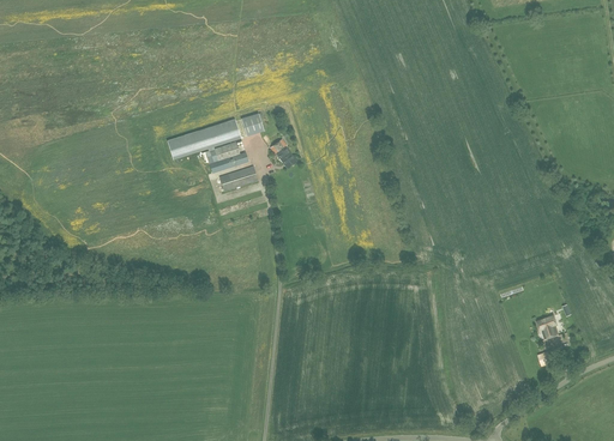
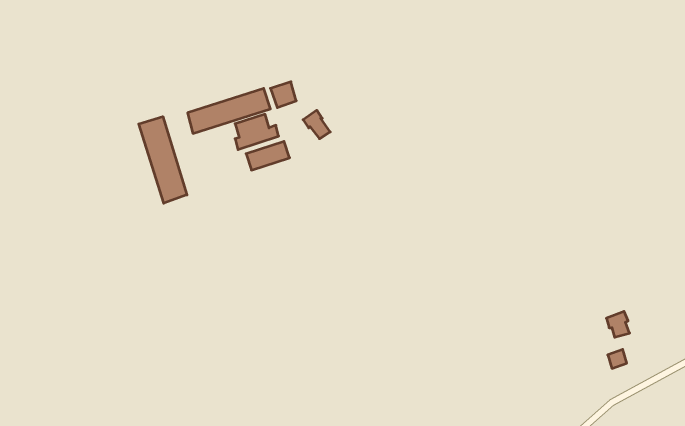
building: none -> [139,117,187,203]

